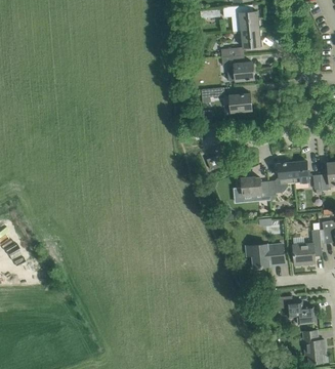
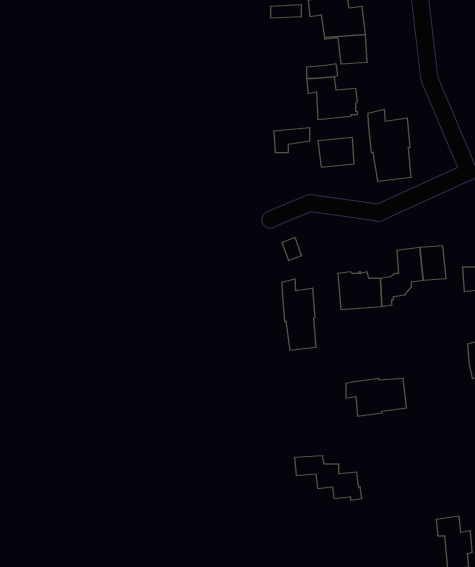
building: none -> [368,109,411,182]
building: none -> [282,279,316,350]
building: [293,222,322,264] -> none
building: [275,296,317,324] -> [295,456,362,500]

